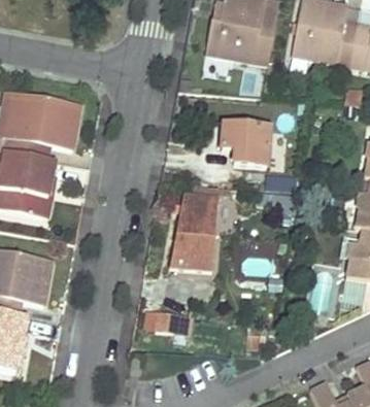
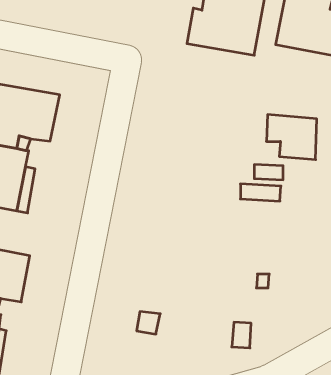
building: [221,123,269,166] -> [266,115,317,160]
building: [169,196,217,269] -> none

